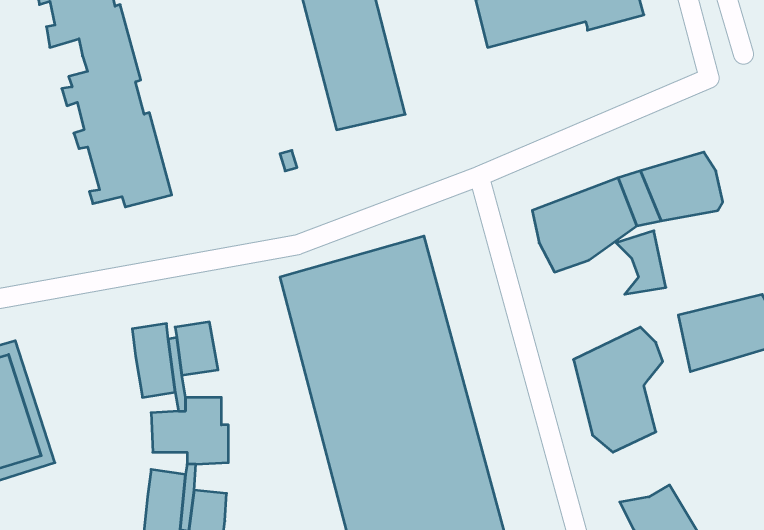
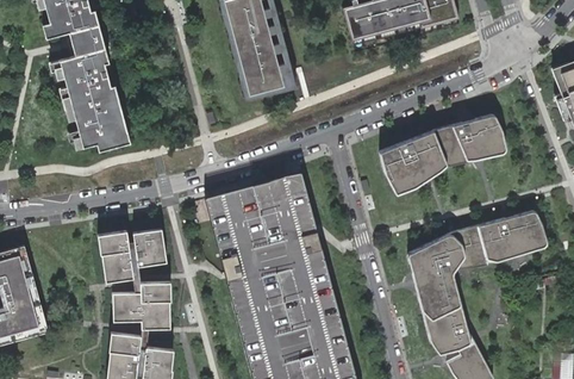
building: [616,231,666,294] -> [455,225,489,269]
building: none -> [422,306,475,355]

